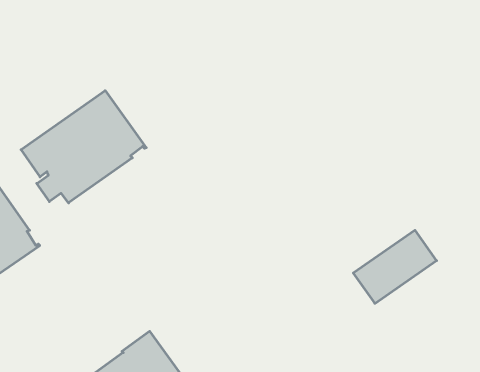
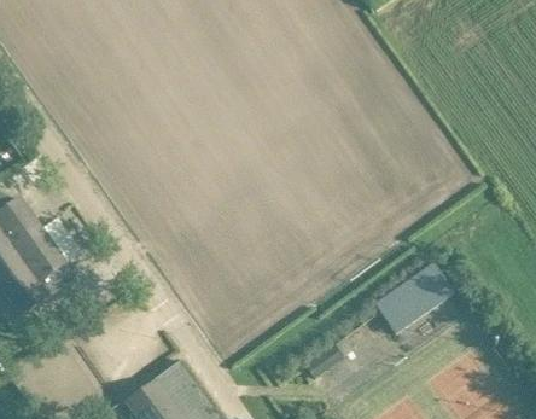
building: [21,91,146,203] -> none

